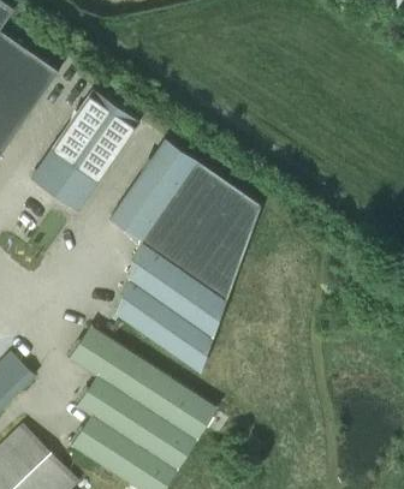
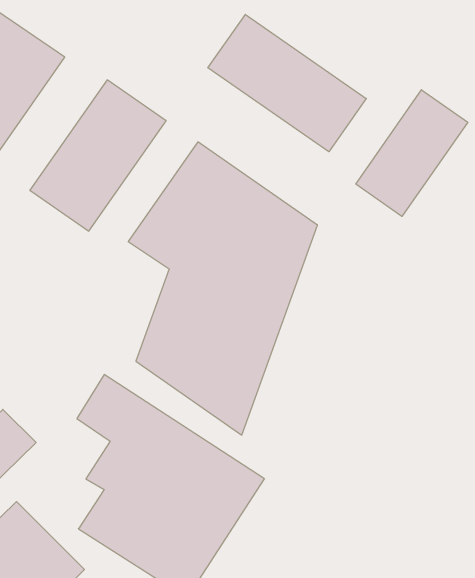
building: none -> [208,14,366,152]
building: none -> [356,90,468,216]

